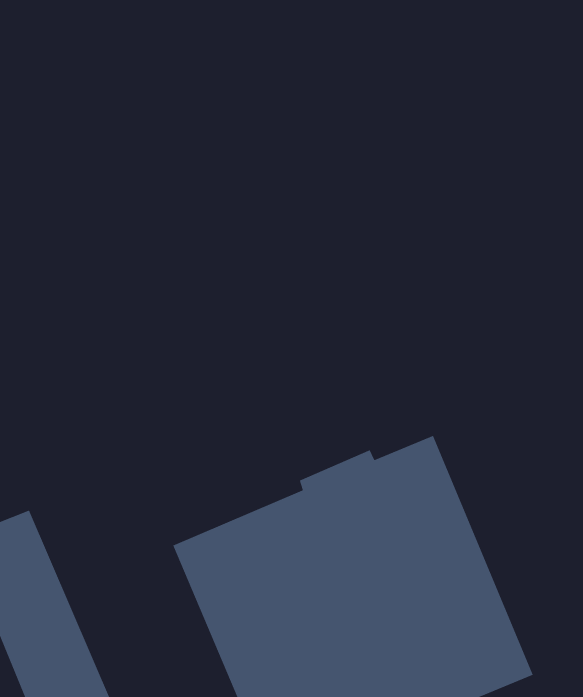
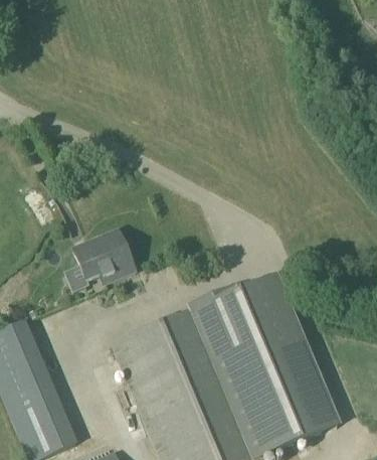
building: none -> [73,227,137,279]

